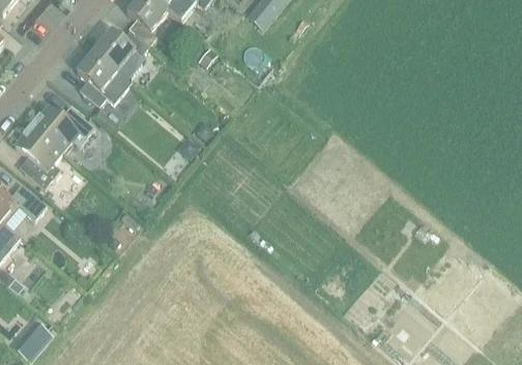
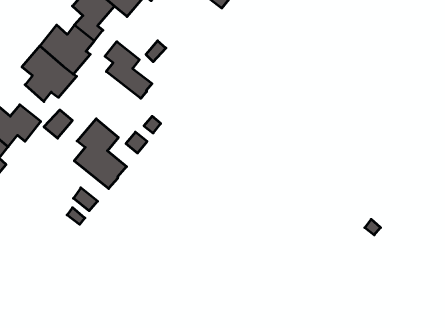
building: none -> [105,42,152,98]
building: none -> [74,119,127,189]

